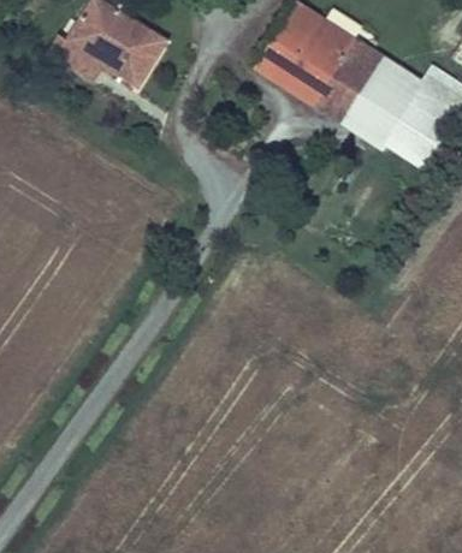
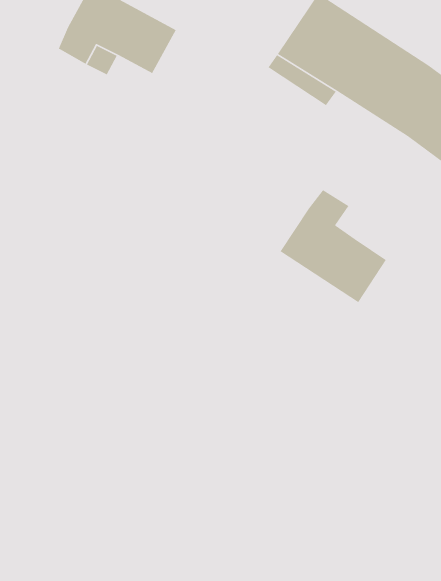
building: none -> [280,189,387,303]

